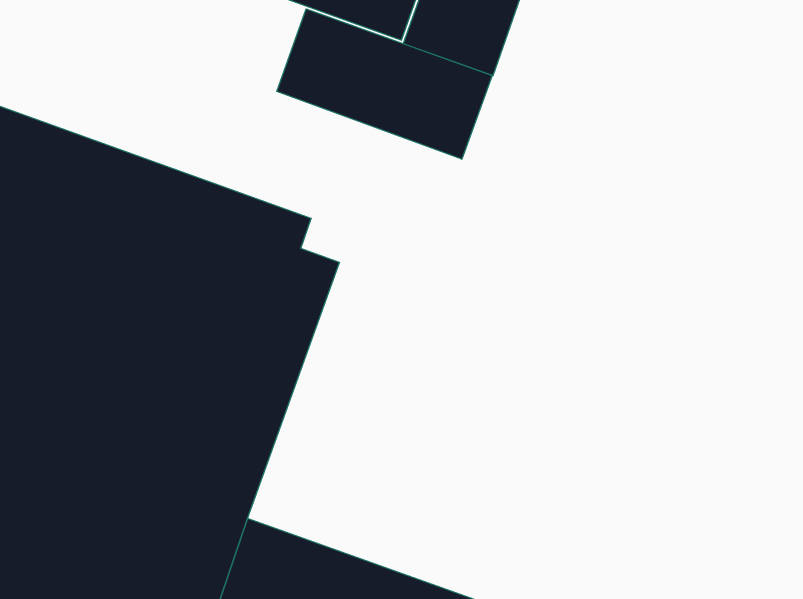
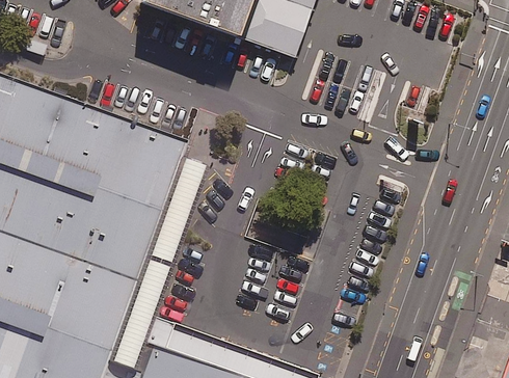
building: [277,9,492,159] -> none

